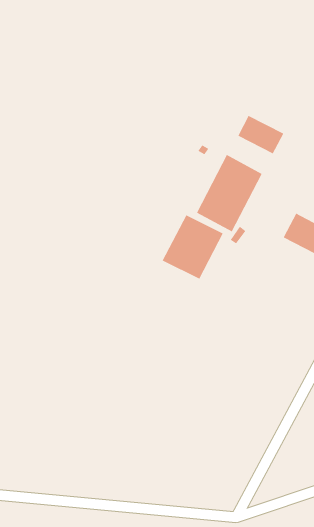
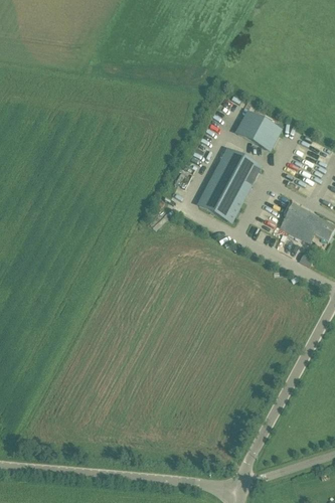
building: [162,214,224,280] -> none

